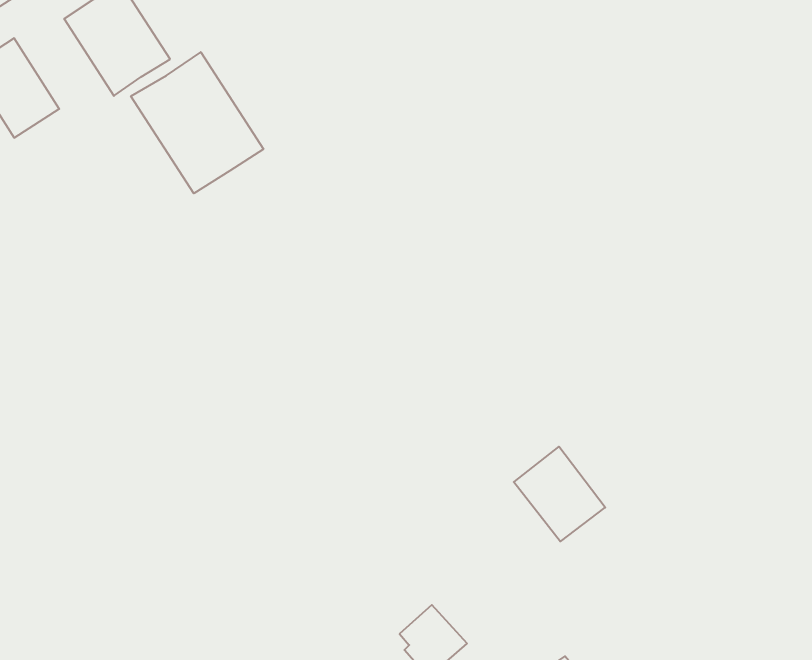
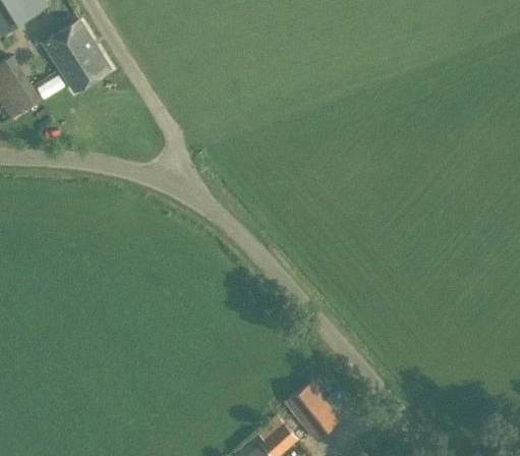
building: [131,52,263,193] -> none
building: [514,447,605,541] -> [283,381,341,441]

